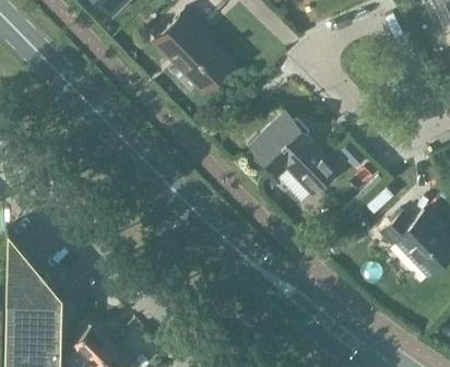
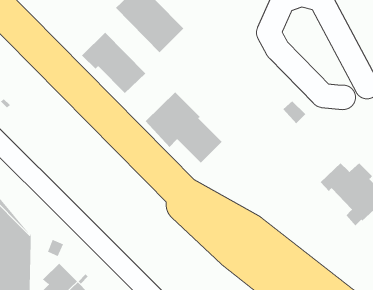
building: none -> [81,32,146,94]
building: [250,113,336,192] -> [145,92,223,163]

